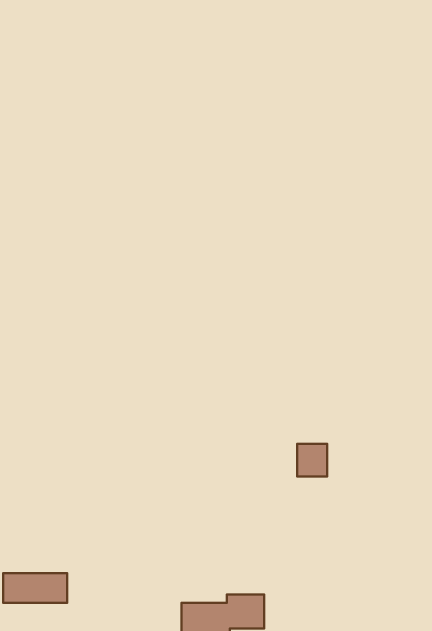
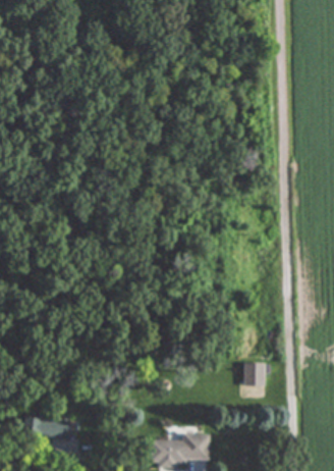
building: [297,444,327,476] -> [243,363,265,386]

